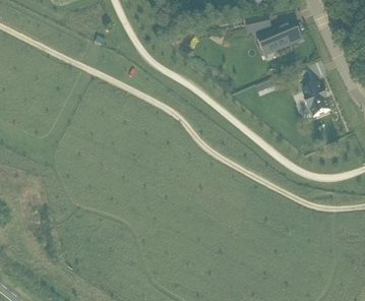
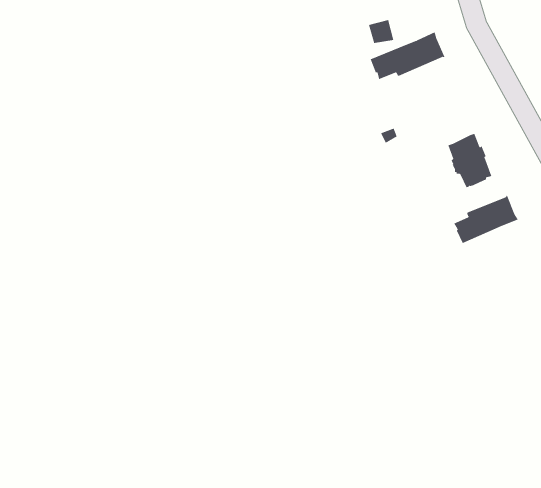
building: none -> [453,194,519,244]

